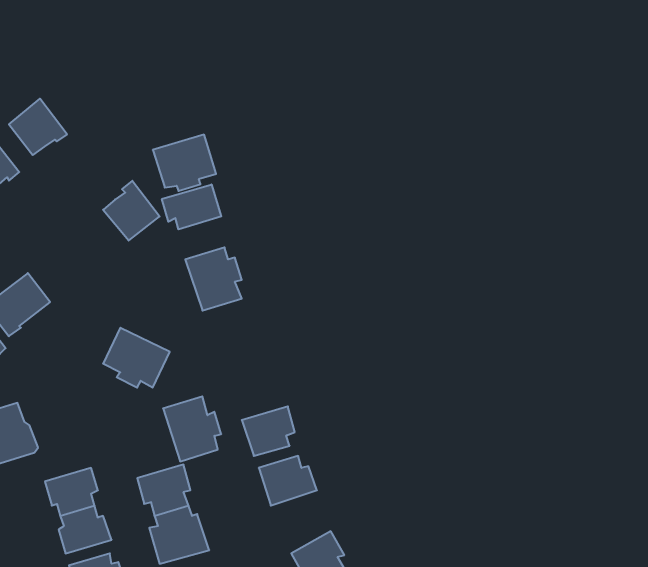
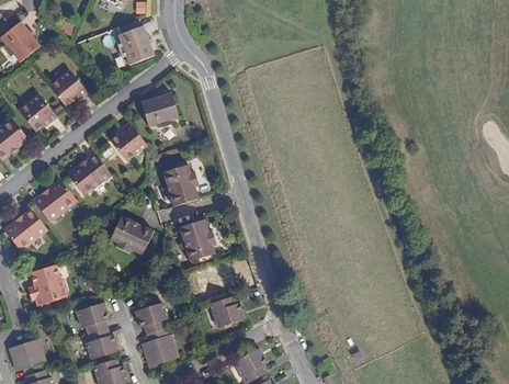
building: none -> [117,25,154,64]
building: [162,184,221,229] -> none
building: none -> [69,155,111,193]
building: [163,396,221,461] -> [178,215,215,257]

